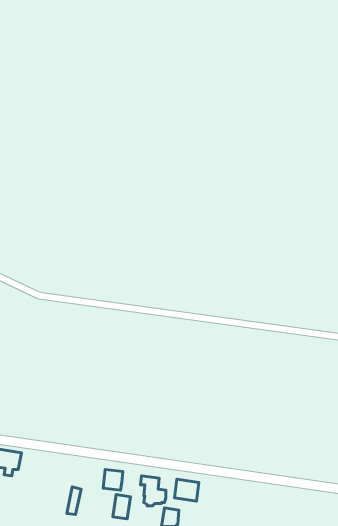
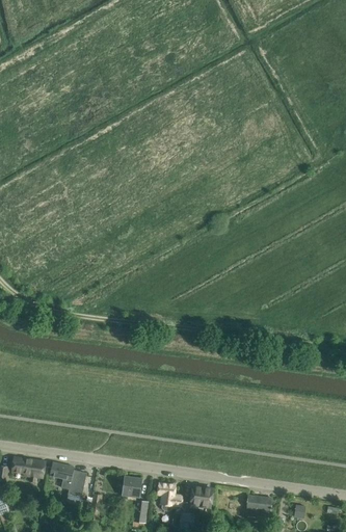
building: none -> [50,462,86,498]
building: none -> [245,496,272,517]

